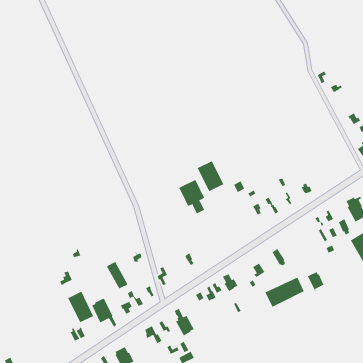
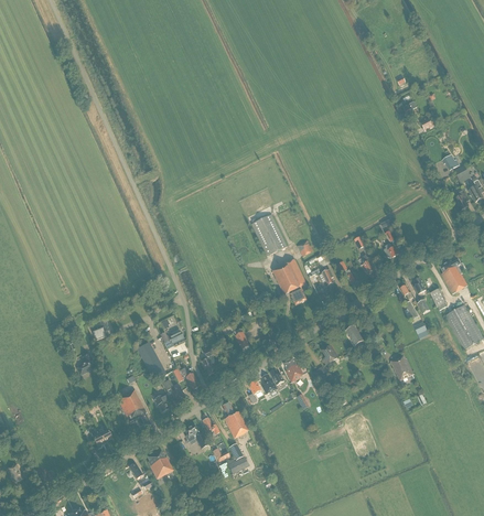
building: [178,179,205,215] -> [272,259,306,304]
building: [264,276,305,308] -> none
building: [67,290,94,323] -> none

